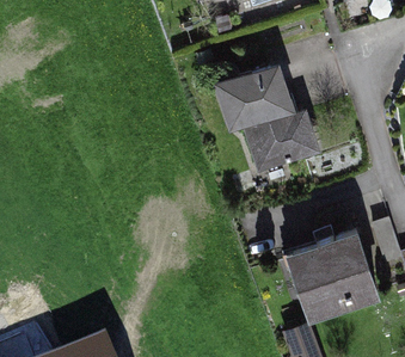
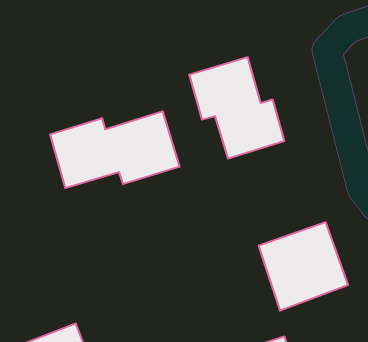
building: none -> [50,111,179,188]

